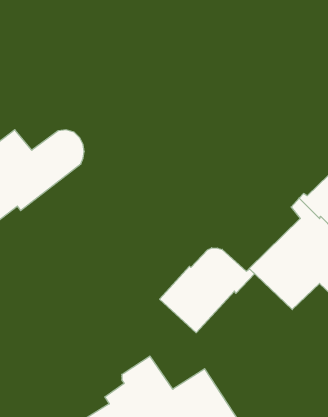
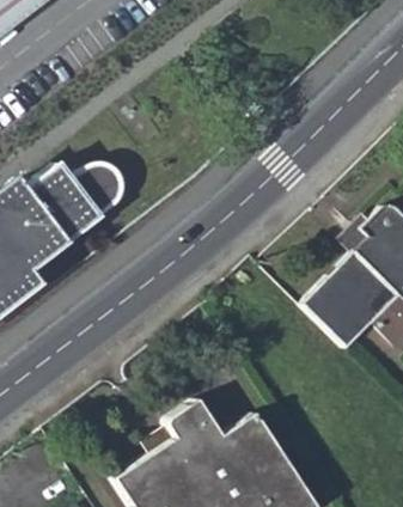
building: [160,248,254,333] -> none

